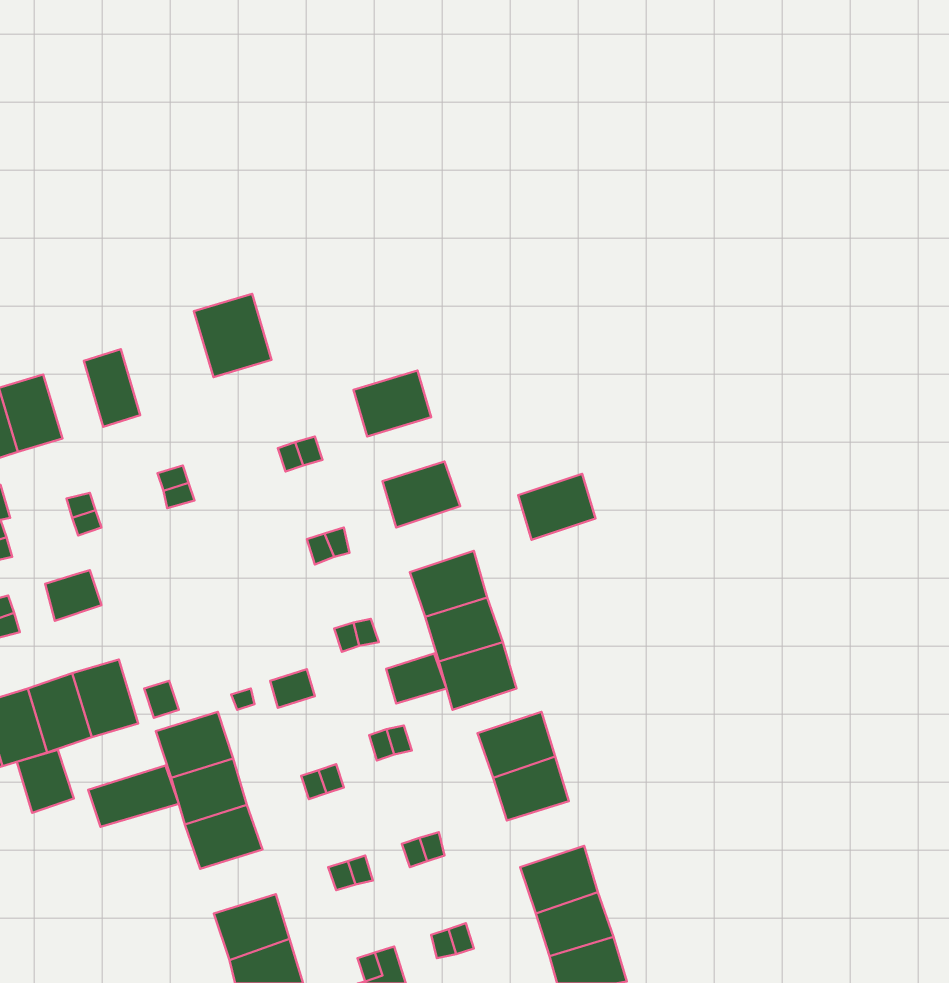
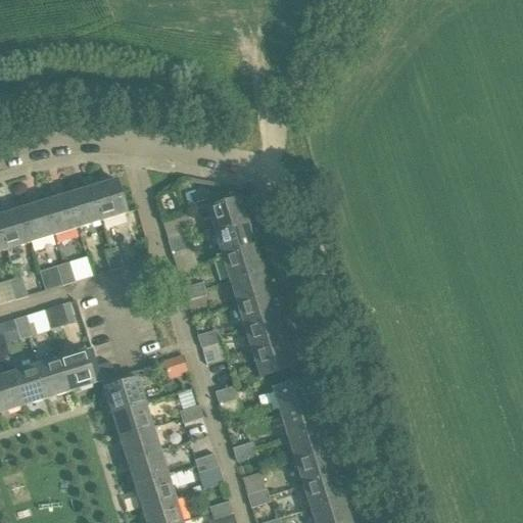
building: [194,294,272,377] -> [85,177,126,221]
building: none -> [44,192,76,233]
building: none -> [215,222,255,255]
building: [518,474,596,540] -> [230,269,271,303]
building: [386,653,446,704] -> none
building: [17,750,74,813] -> none
building: [88,766,179,827] -> none
building: none -> [288,424,329,459]
building: none -> [127,449,167,483]

